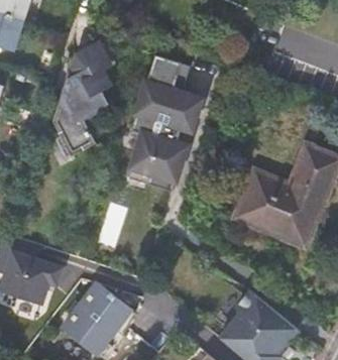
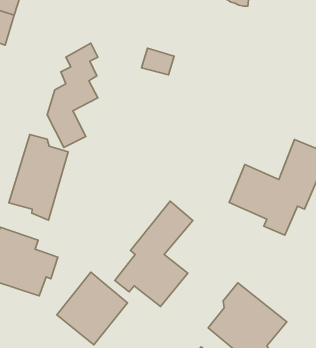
building: [121,77,209,187] -> none
building: none -> [9,135,68,220]
building: none -> [115,201,193,306]

